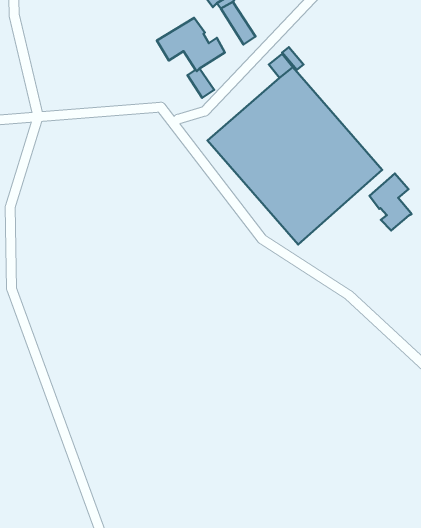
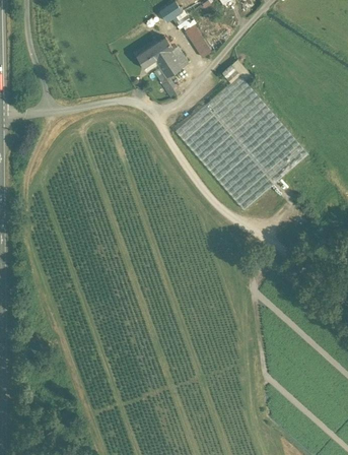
building: [369,174,412,230] -> none

